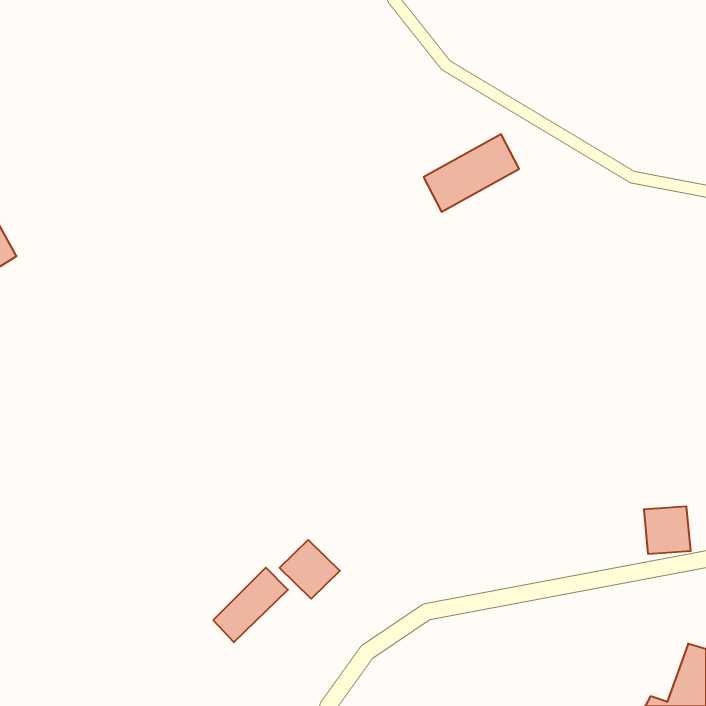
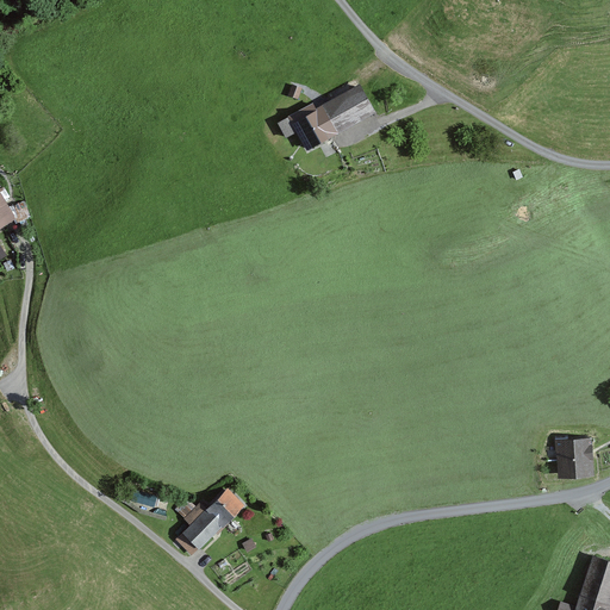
building: [424,134,519,212] -> [295,83,378,150]
building: [280,540,340,599] -> none

